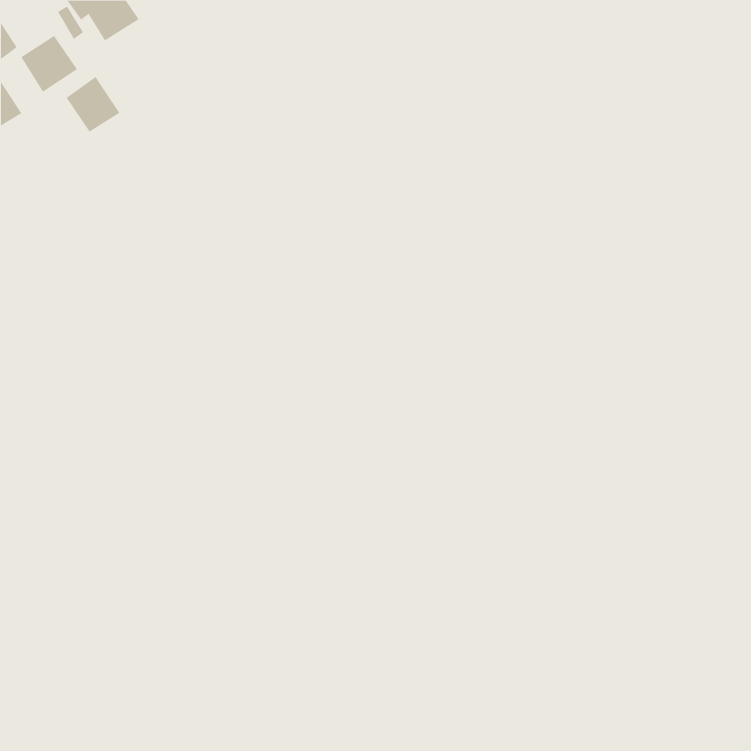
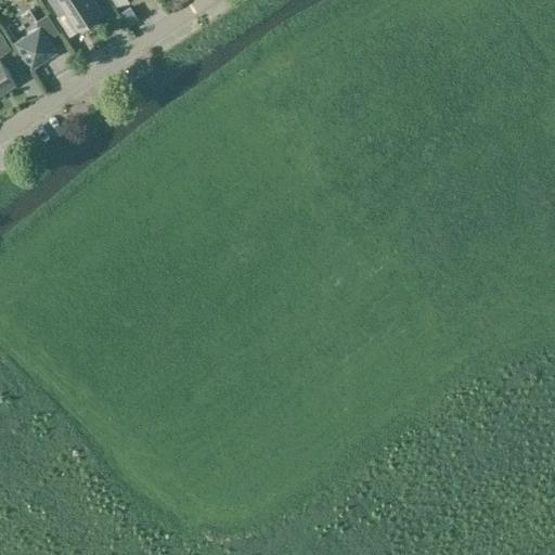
building: [66,76,120,133] -> none

